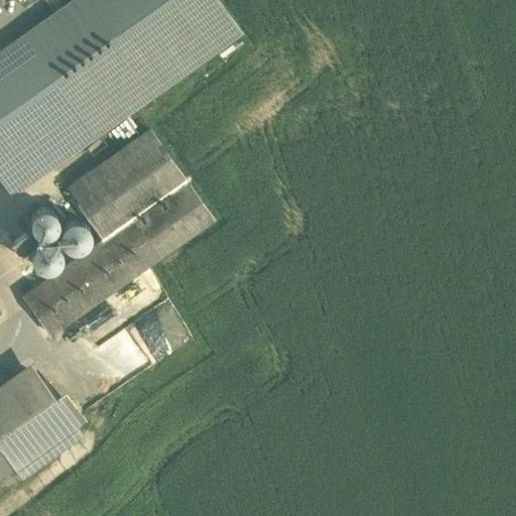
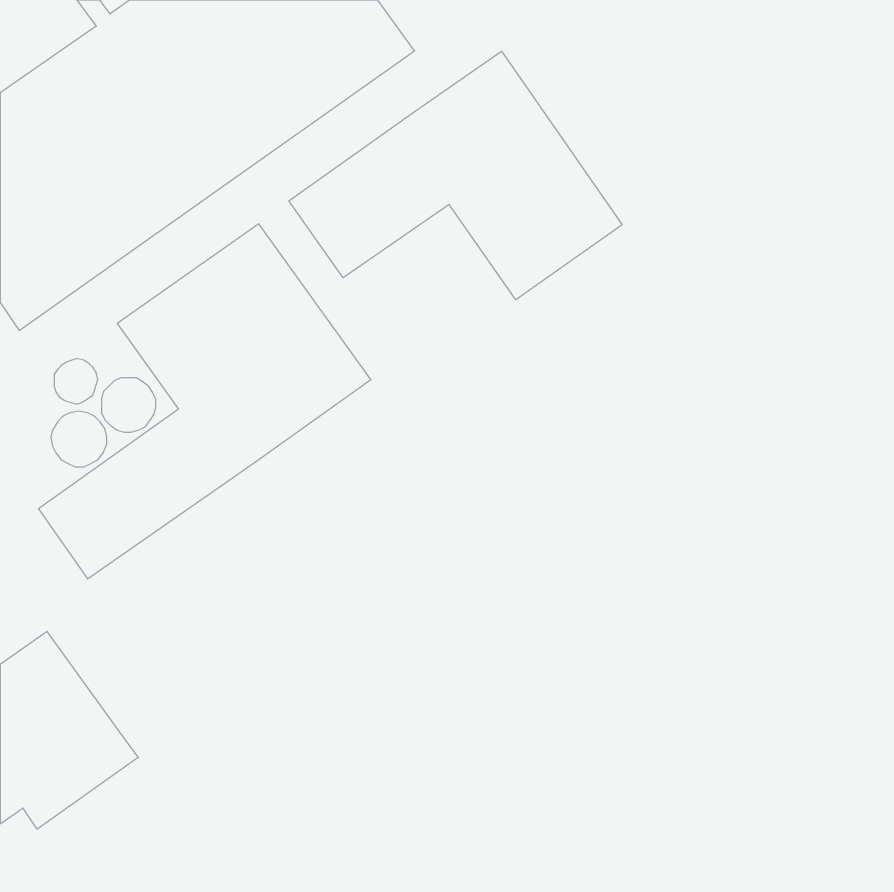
building: none -> [289,51,622,300]

